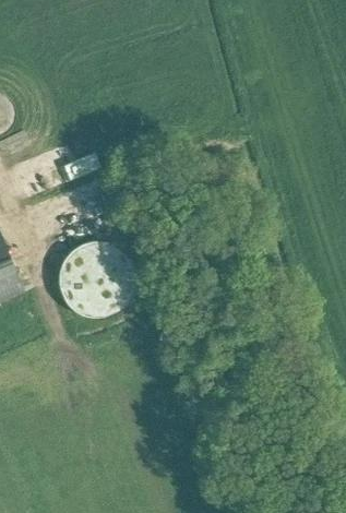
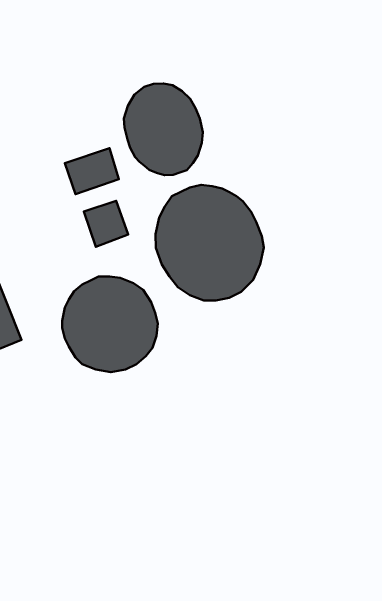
building: none -> [124,84,203,175]
building: none -> [156,185,264,301]

